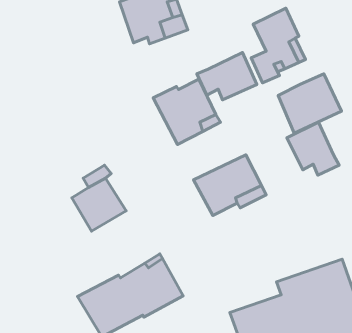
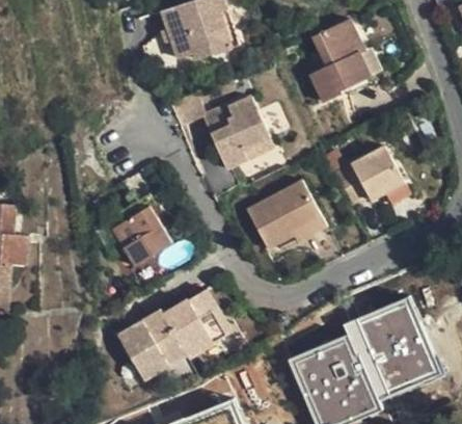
building: [197,53,257,100] -> none
building: [278,74,342,133] -> none

